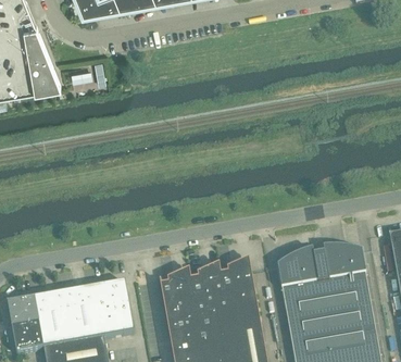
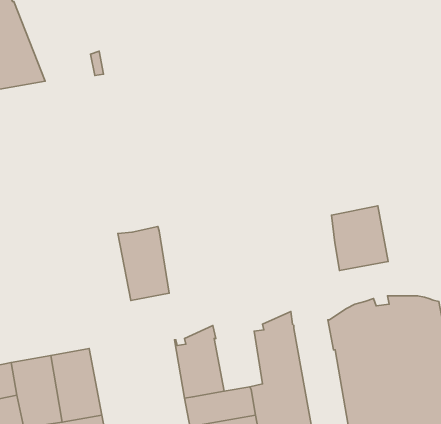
building: none -> [331,206,388,270]
building: [189,267,226,323] -> none
building: [93,285,133,341] -> [118,226,169,300]

